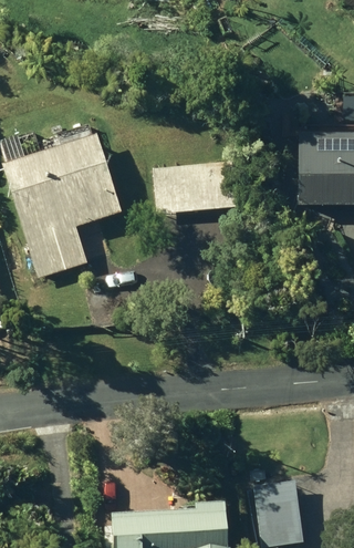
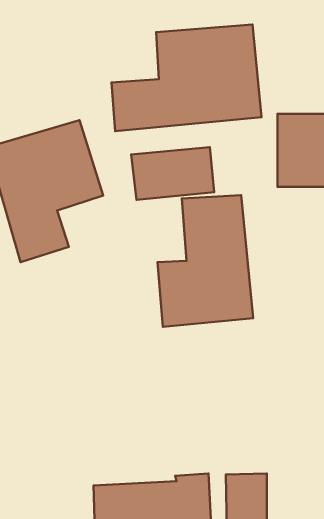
building: none -> [112,25,262,131]
building: none -> [157,195,253,327]

